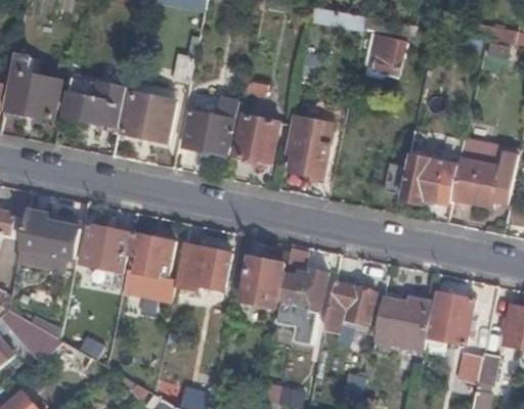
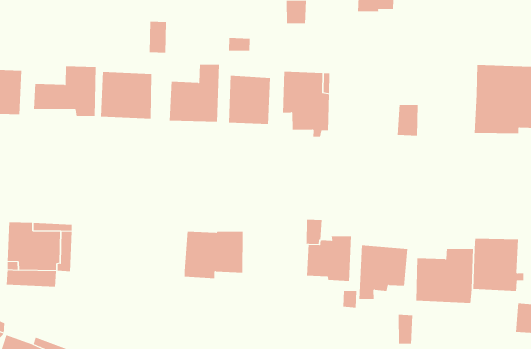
building: [401,154,457,202] -> none
building: [81,224,130,272] -> none
building: [124,233,174,296] -> none
building: [241,257,285,306] -> none

